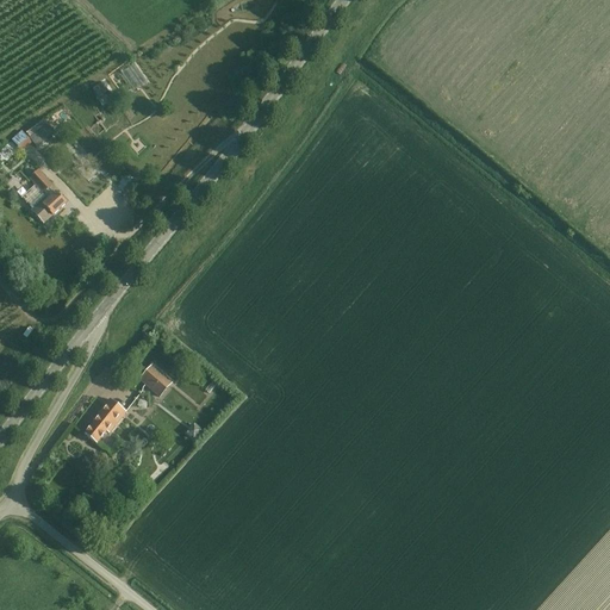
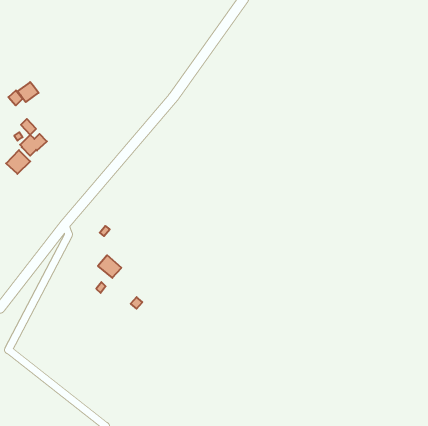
building: none -> [6,150,30,174]
building: [85,398,126,442] -> none

